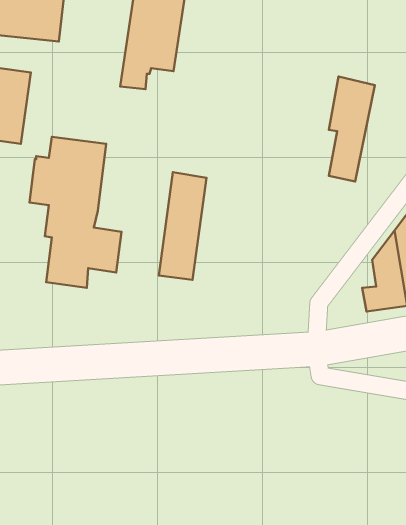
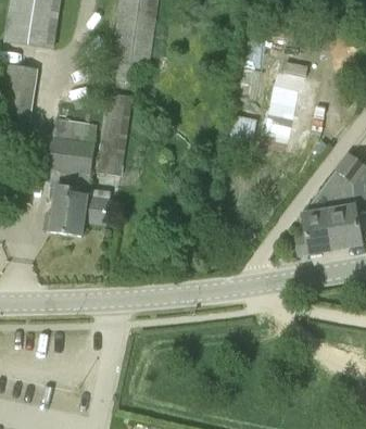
building: [159,172,206,280] -> [96,92,132,176]

